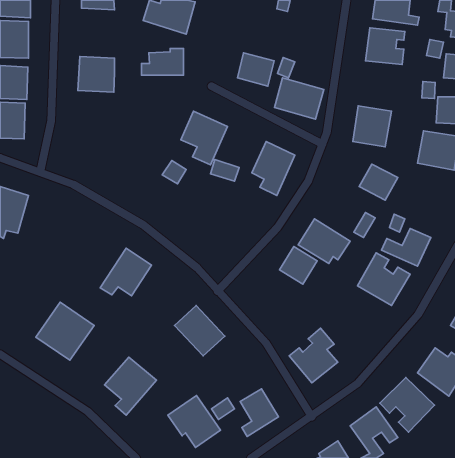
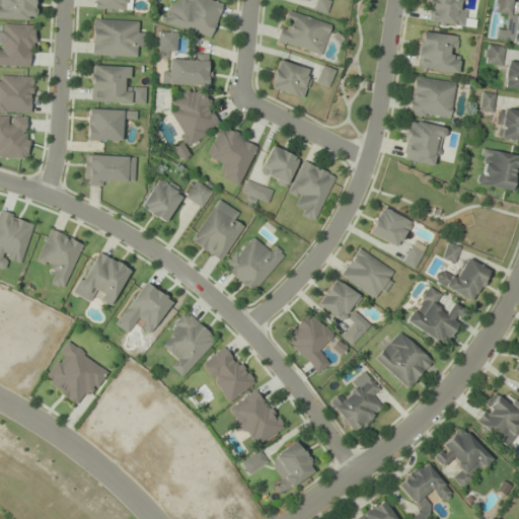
building: none -> [92,18,147,57]
building: none -> [159,31,178,52]
building: none -> [410,76,456,120]
building: none -> [171,86,222,159]
building: [274,78,324,119] -> [278,9,333,56]
building: none -> [88,108,138,141]
building: none -> [261,146,300,184]
building: none -> [85,154,137,186]
building: none -> [142,177,187,223]
building: [359,164,398,200] -> [369,207,413,247]
building: none -> [192,199,245,262]
building: none -> [38,228,85,289]
building: none -> [225,237,286,293]
building: none -> [77,251,132,303]
building: none -> [285,311,335,372]
building: none -> [344,311,370,345]
building: none -> [375,330,434,389]
building: [105,357,157,415] -> [160,312,219,378]
building: [168,395,221,447] -> [227,387,287,446]

